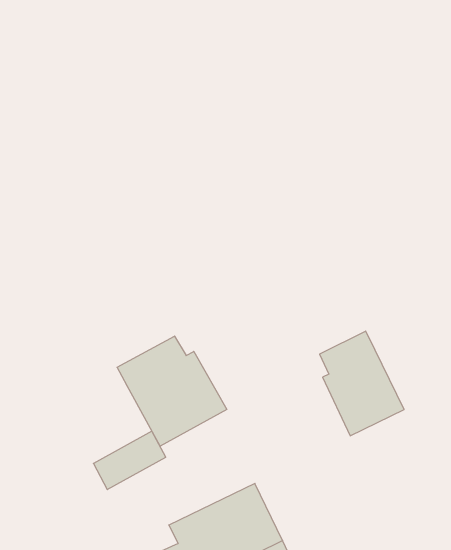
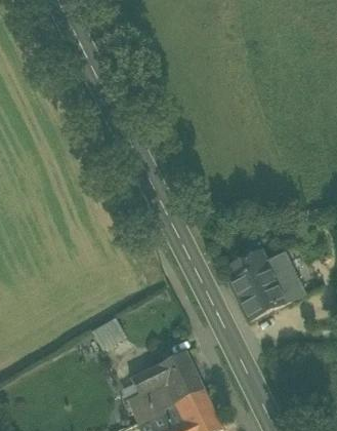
building: none -> [266,252,304,302]
building: [117,336,227,446] -> none

